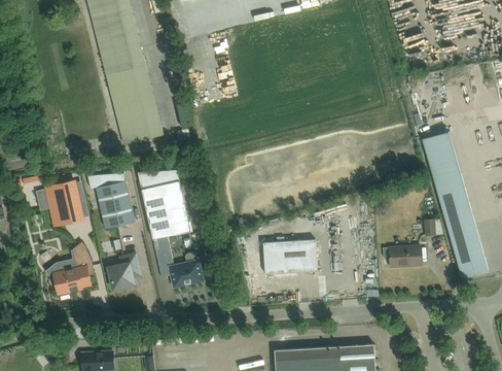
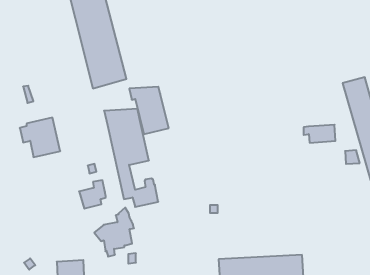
building: [87,172,135,229] -> [129,87,169,134]
building: [262,239,317,274] -> none
building: [44,241,92,300] -> [94,208,134,257]
building: [383,245,421,267] -> [304,125,335,143]

